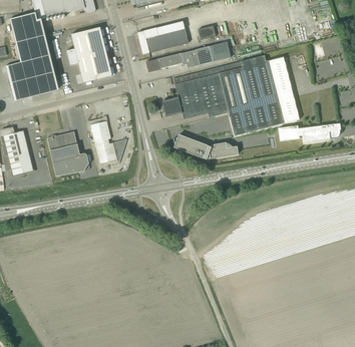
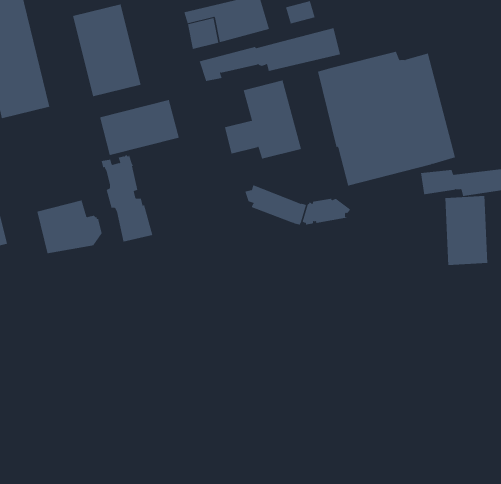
building: [197,67,228,117] -> none
building: none -> [99,99,179,156]
building: [47,131,77,150] -> none
building: none -> [445,195,488,266]

